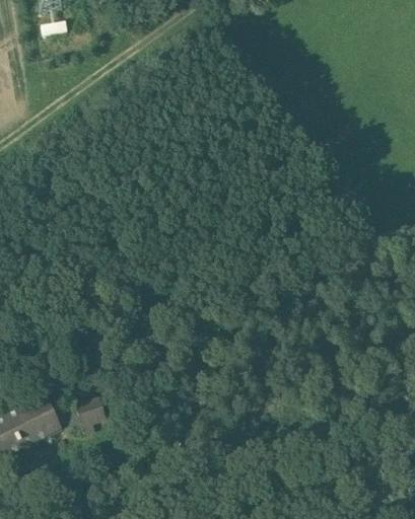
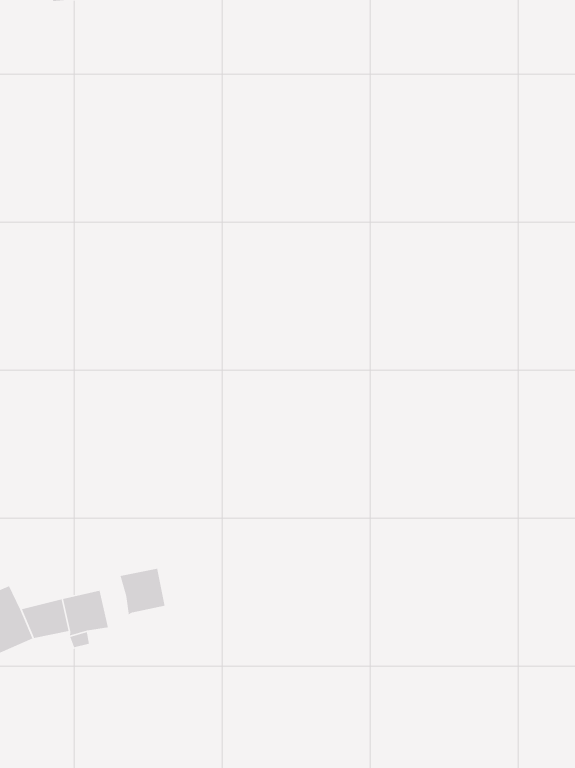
building: none -> [120,568,166,615]

